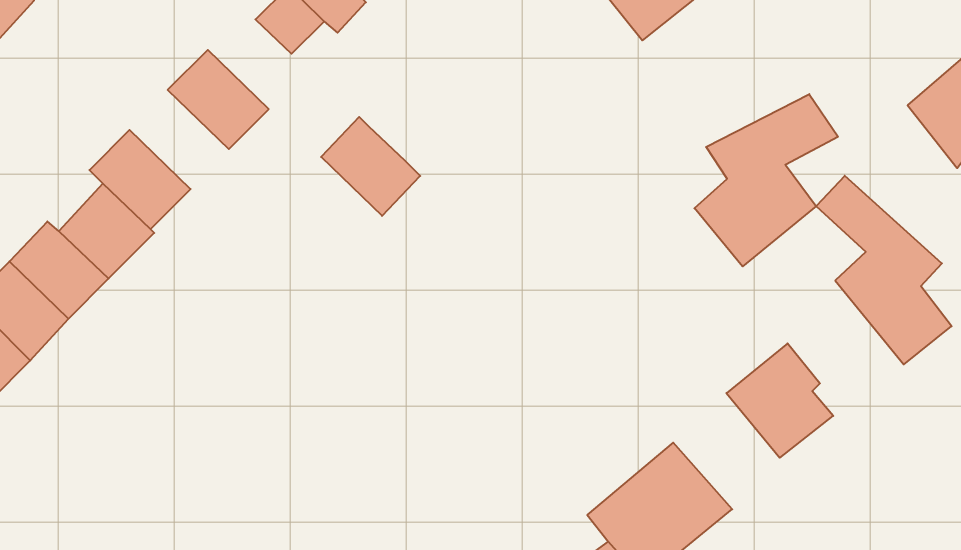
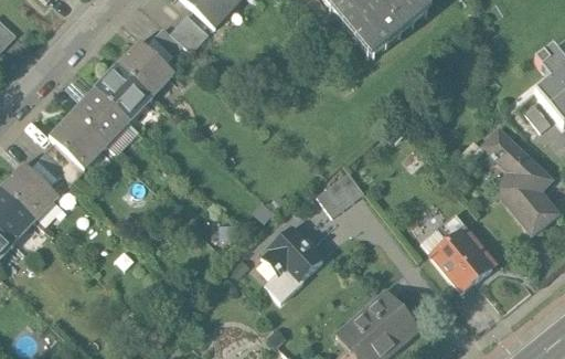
building: none -> [76,82,134,139]
building: [694,94,838,266] -> none
building: [321,117,420,216] -> [121,35,179,93]
building: none -> [322,168,370,213]
building: none -> [267,223,327,296]

